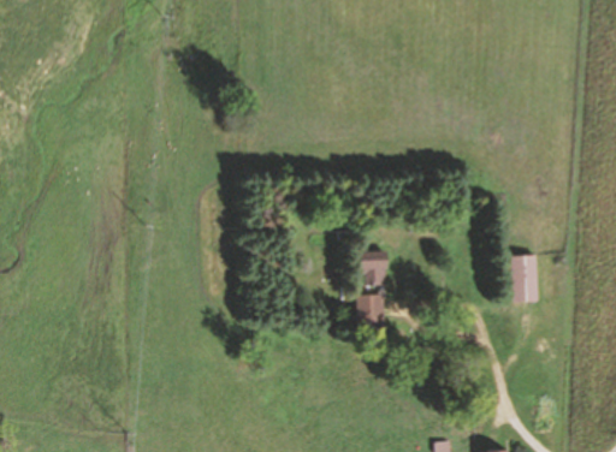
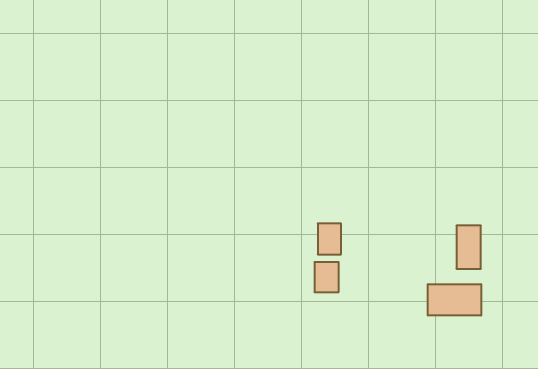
building: none -> [428,284,481,316]

